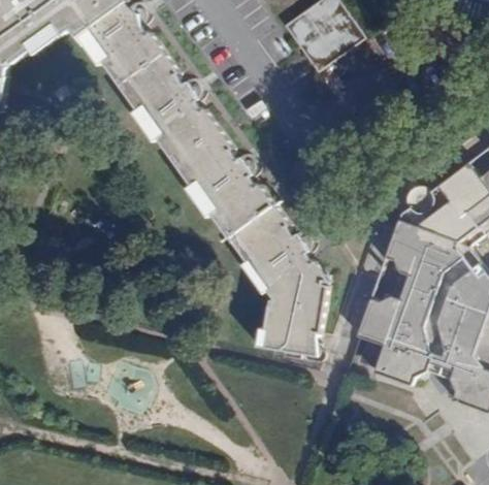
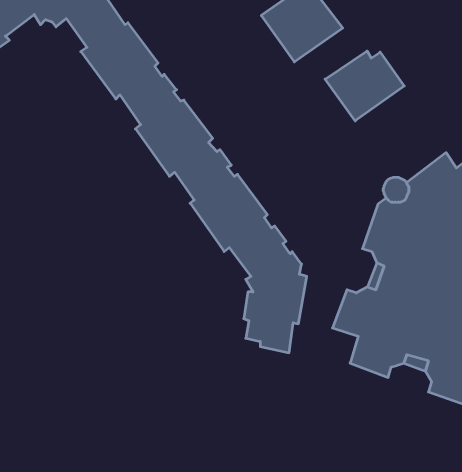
building: none -> [325,51,404,121]

